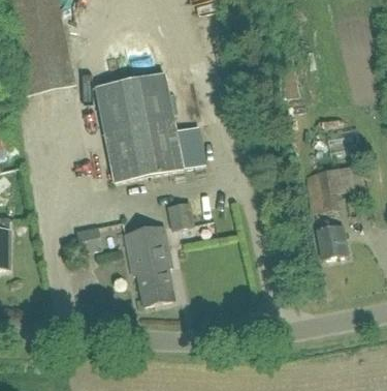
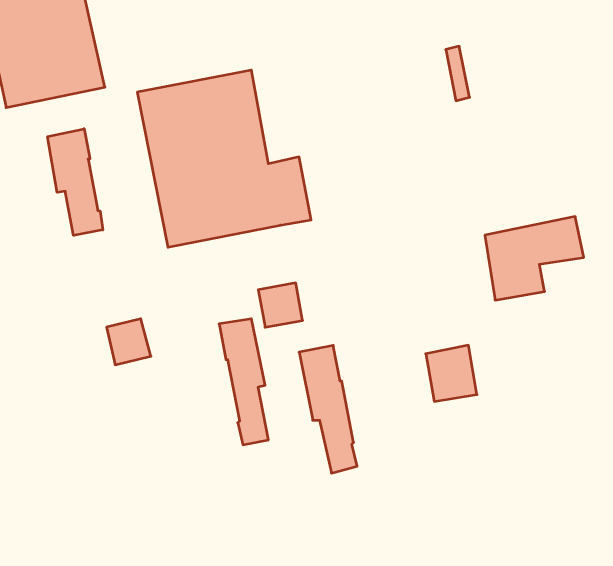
building: none -> [48,129,103,235]
building: [317,223,348,258] -> [426,345,477,401]
building: [124,228,159,305] -> [299,345,357,473]

